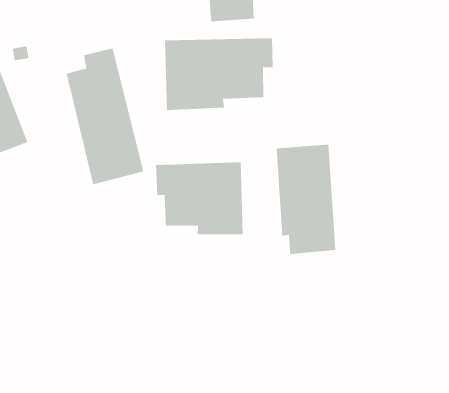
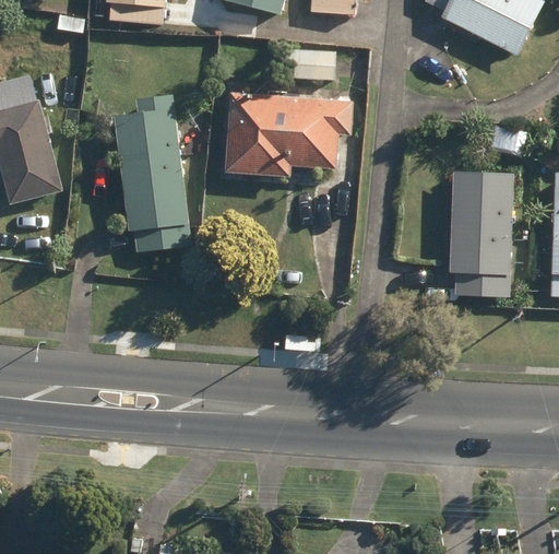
building: [276,144,336,254] -> [449,173,514,296]
building: [155,161,243,235] -> none

